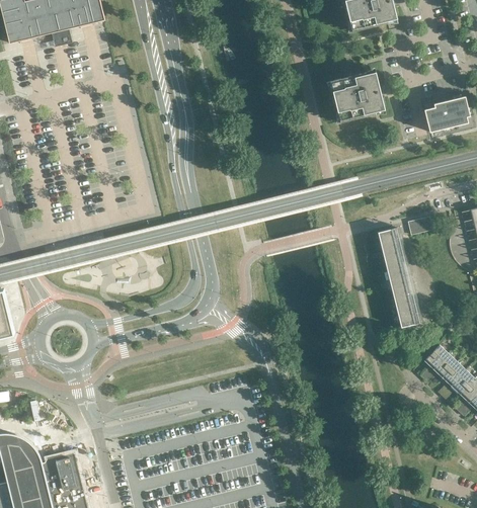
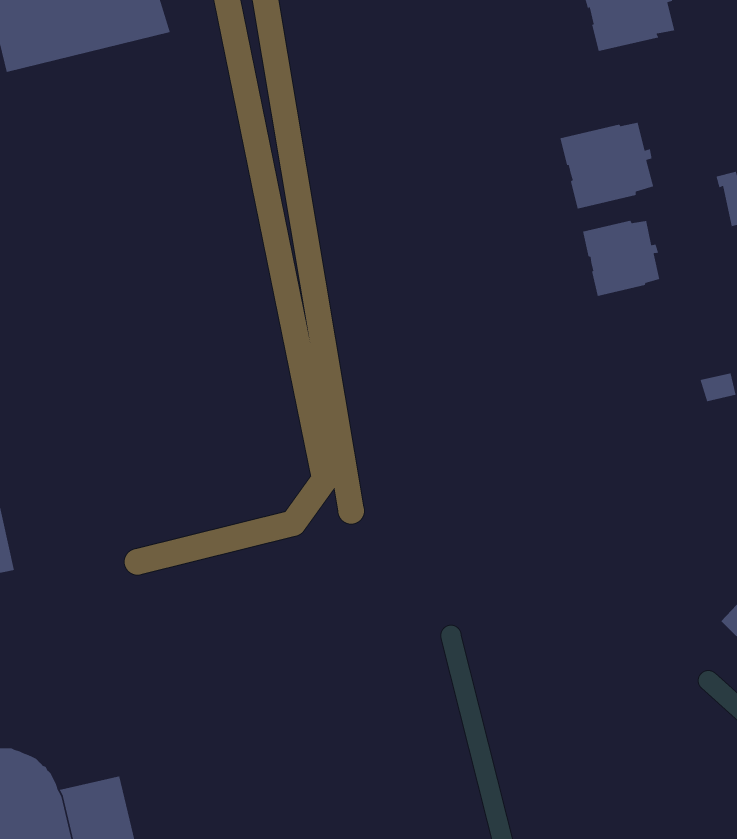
building: none -> [582,220,660,297]
building: [377,228,419,327] -> none

